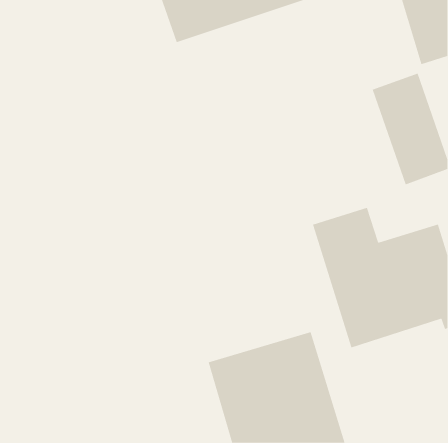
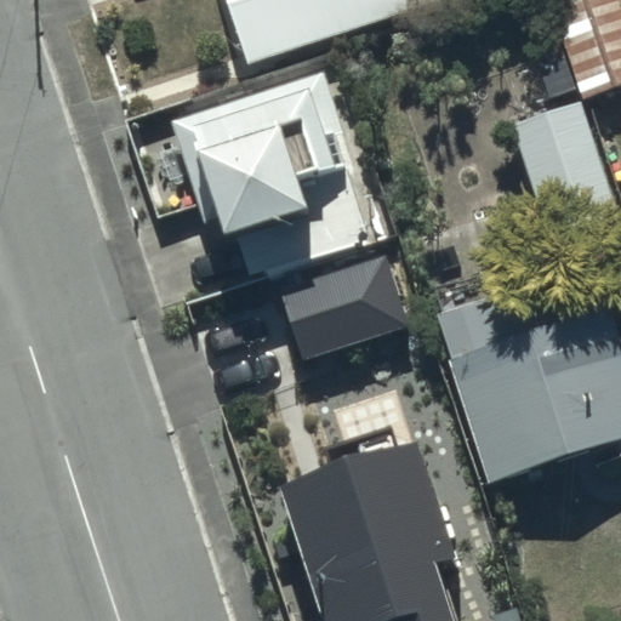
building: none -> [172,67,372,275]
building: none -> [285,264,412,369]

